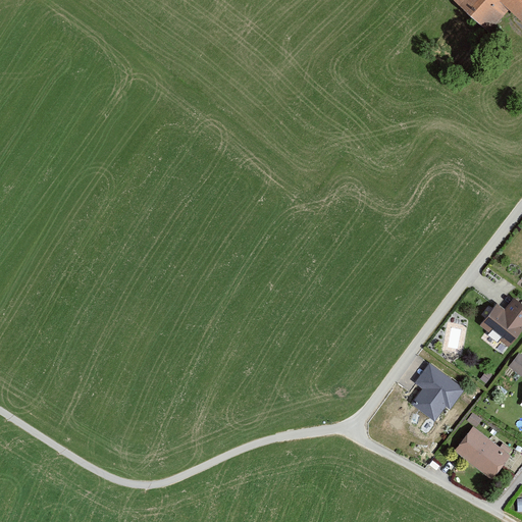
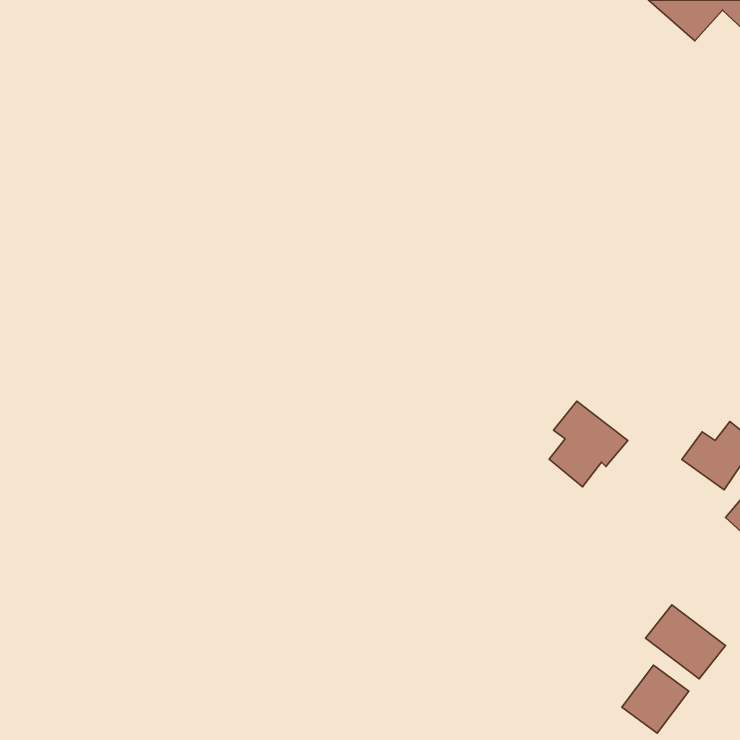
building: [411,361,466,421] -> [549,401,628,487]
building: none -> [622,665,689,733]

